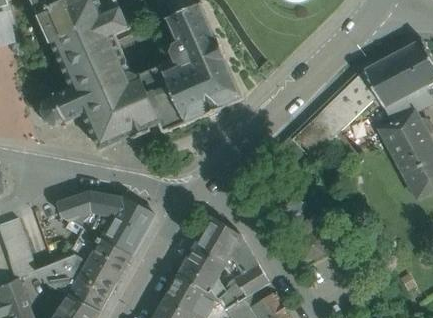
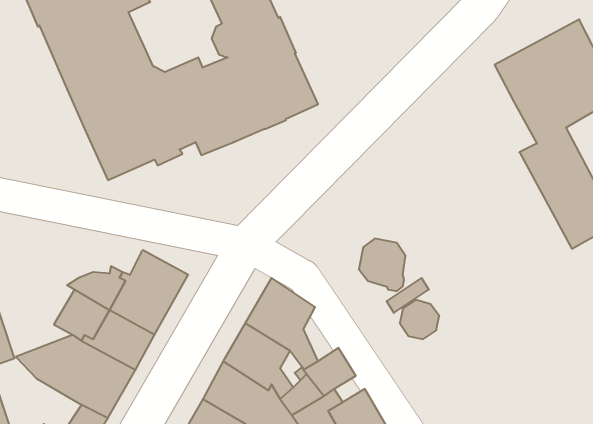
building: [292,70,377,158] -> none
building: [34,87,83,127] -> none
building: [58,192,122,221] -> none

